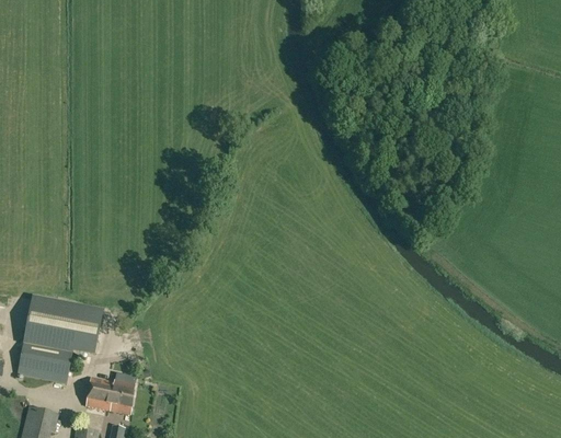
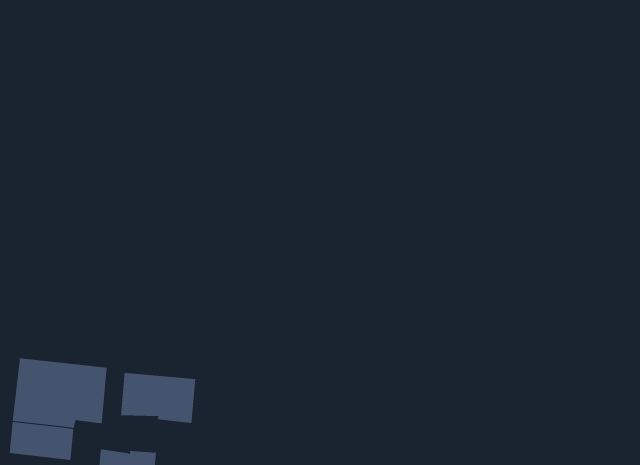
building: none -> [121,372,196,424]

